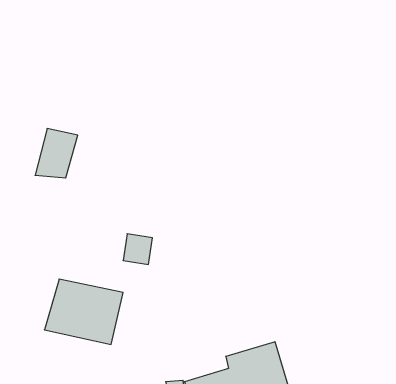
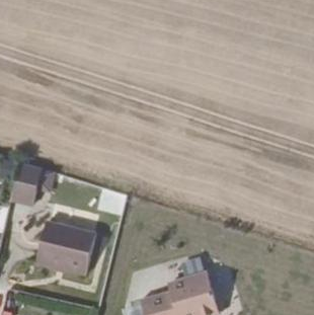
building: [35,129,78,178] -> [9,165,42,203]

